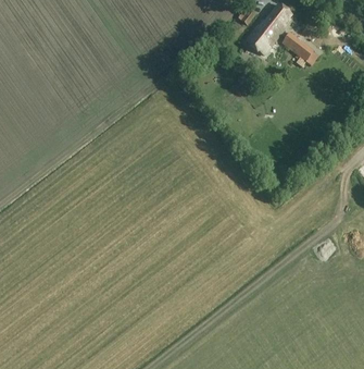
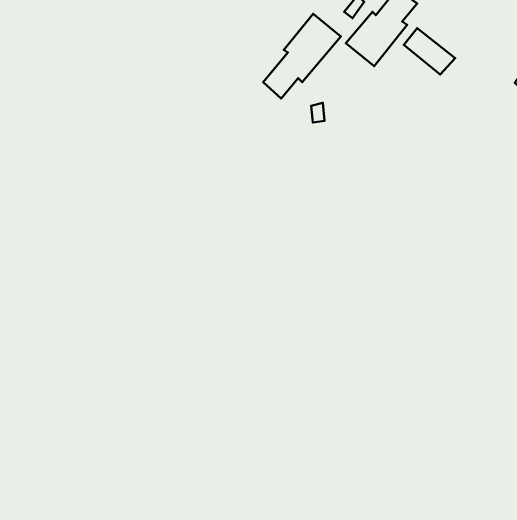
building: none -> [263,14,341,99]

